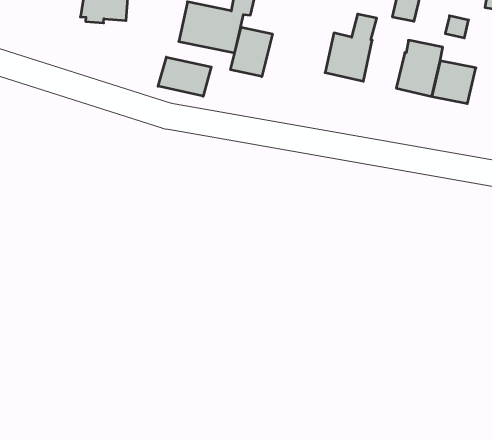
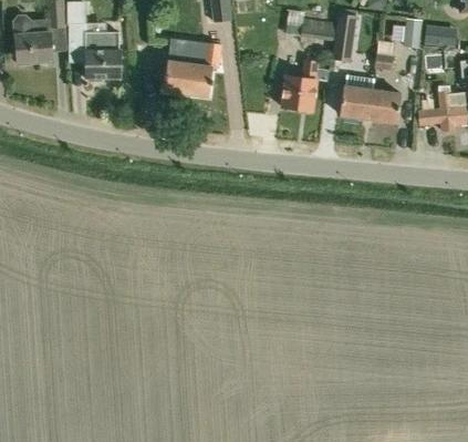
building: [231,27,272,77] -> none
building: [158,57,211,96] -> none

